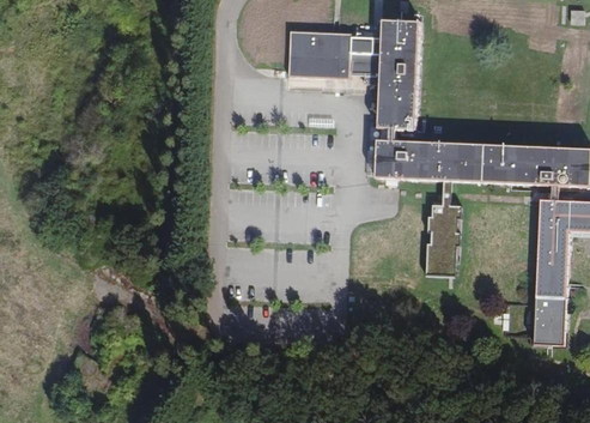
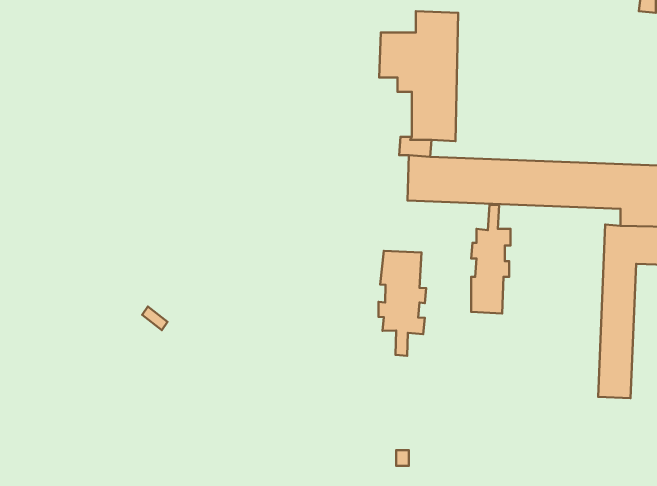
building: [286,30,347,78] -> none
building: none -> [378,251,426,356]

